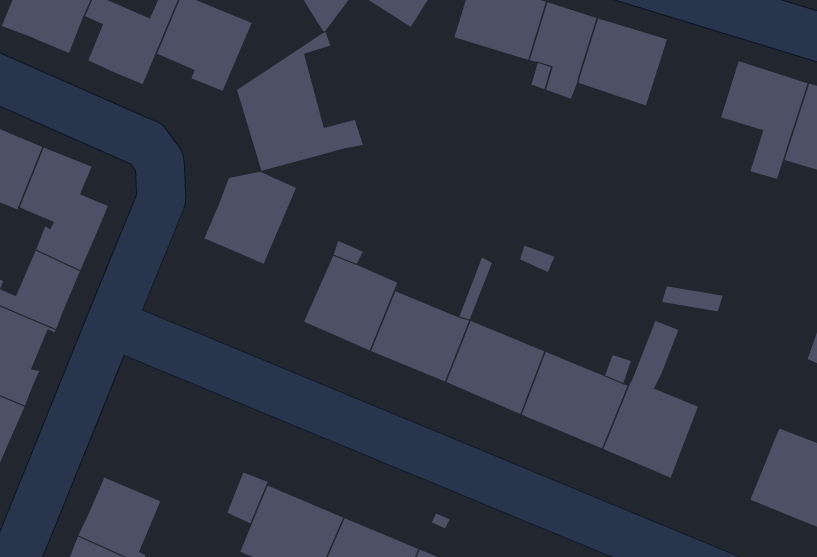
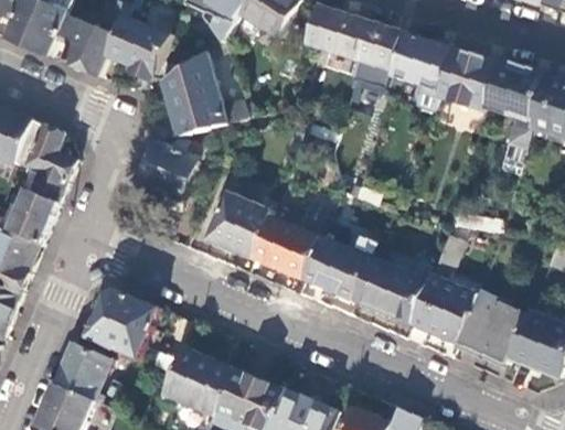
building: none -> [436,46,499,111]
building: none -> [85,290,157,358]
building: none -> [454,294,523,364]

